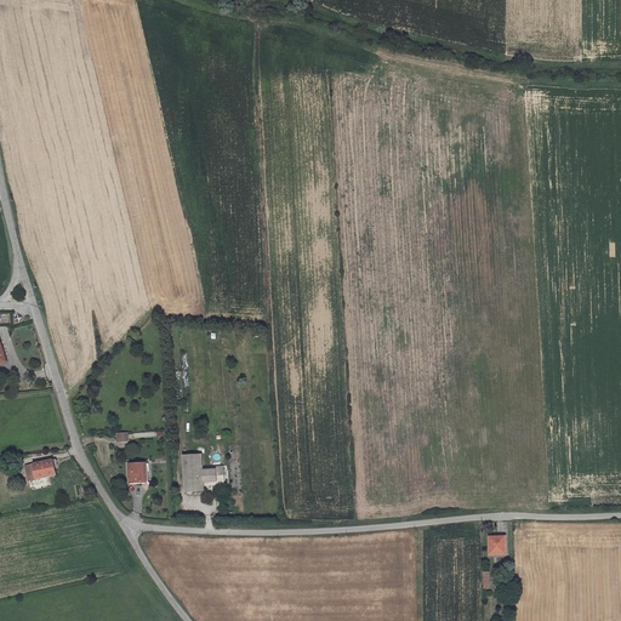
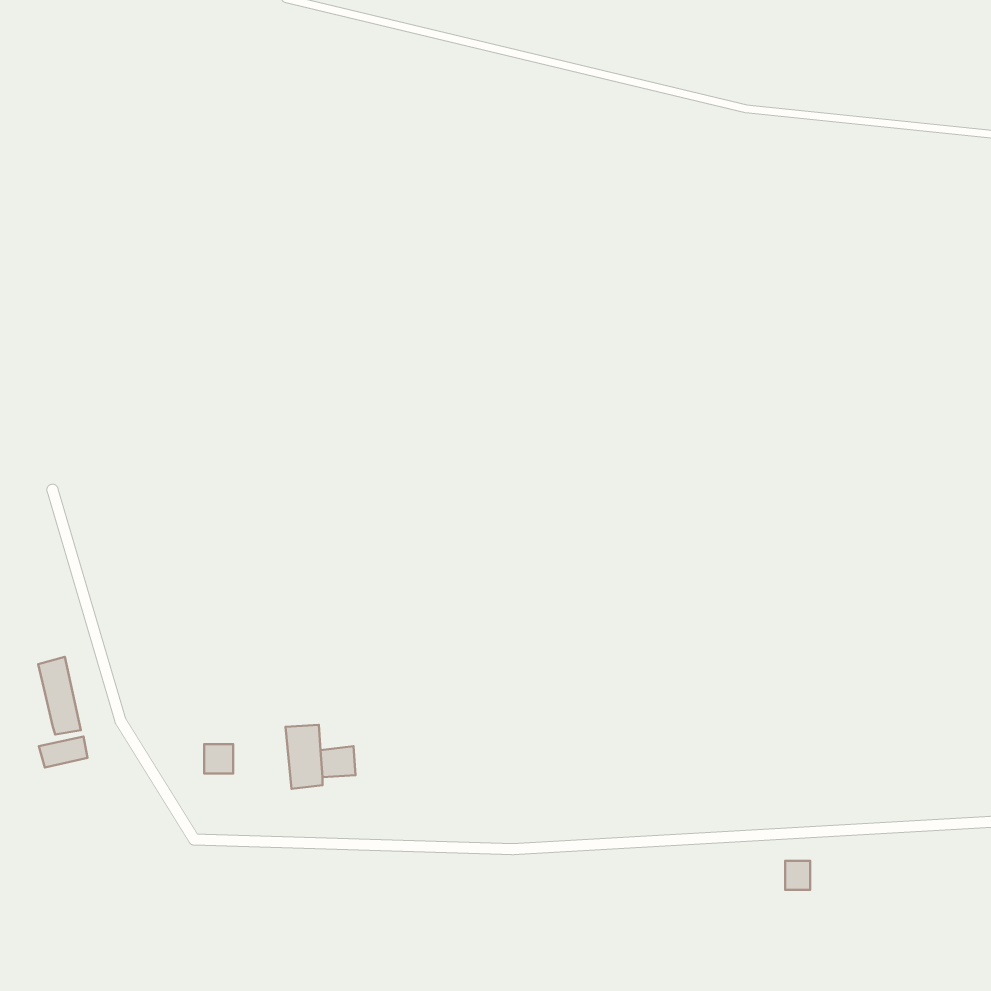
building: none -> [38,657,81,734]

